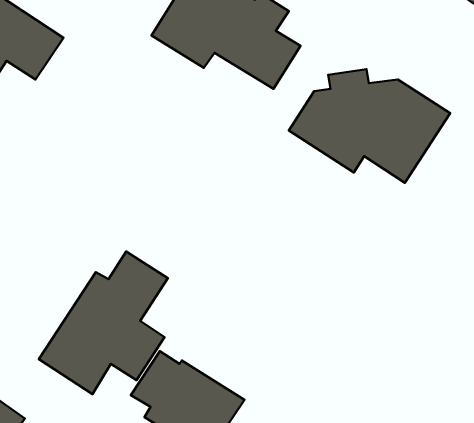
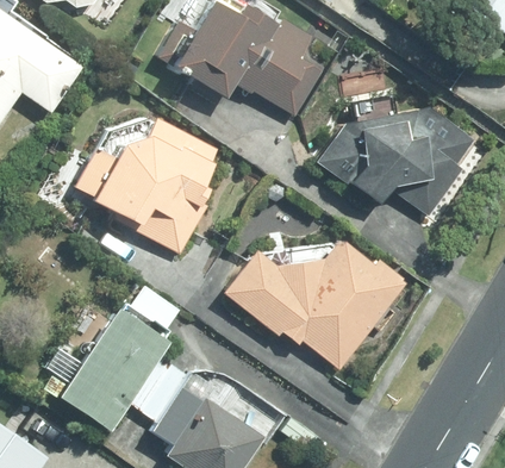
building: none -> [69,117,217,255]
building: none -> [220,235,406,368]

